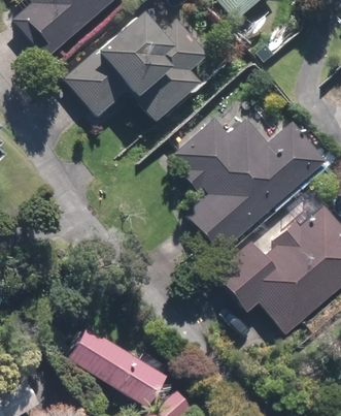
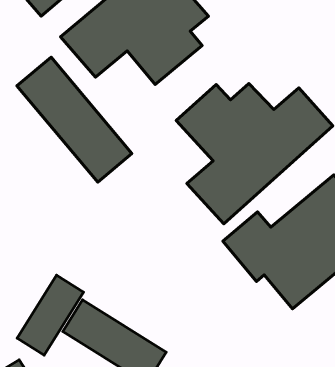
building: none -> [17,57,132,182]
building: none -> [17,275,83,355]

